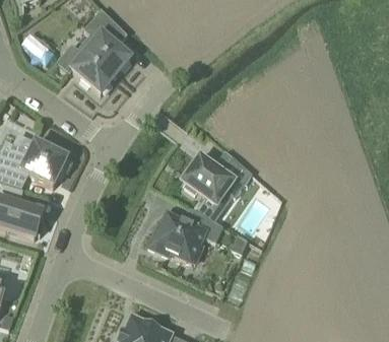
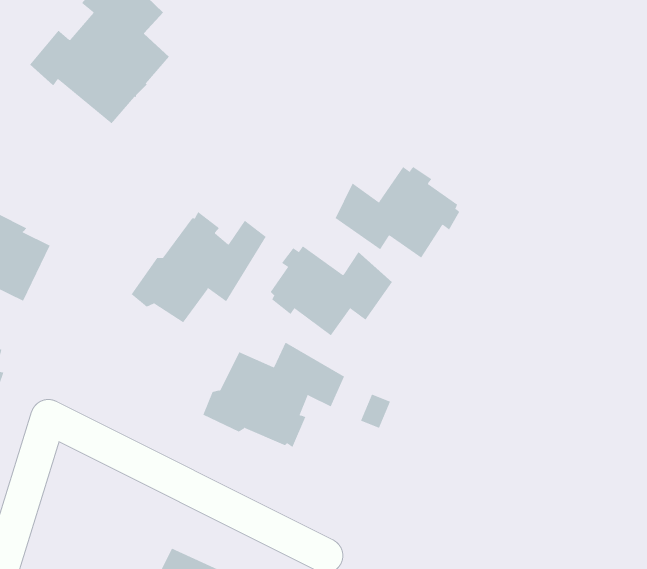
building: none -> [335,166,460,258]
building: none -> [131,211,266,323]

